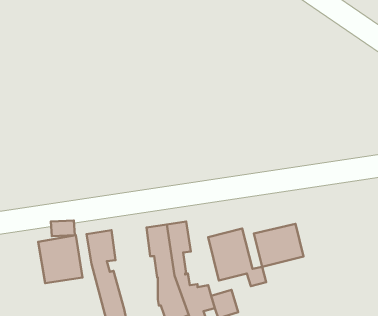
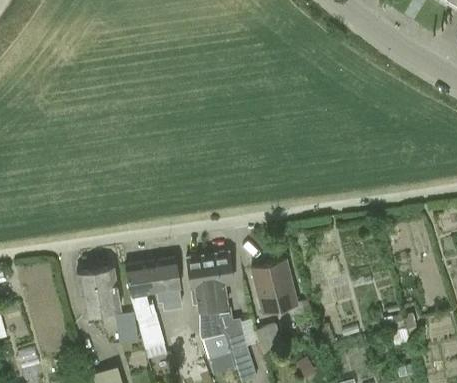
building: [254,224,303,267] -> none
building: none -> [151,259,181,310]
building: none -> [115,313,138,345]

